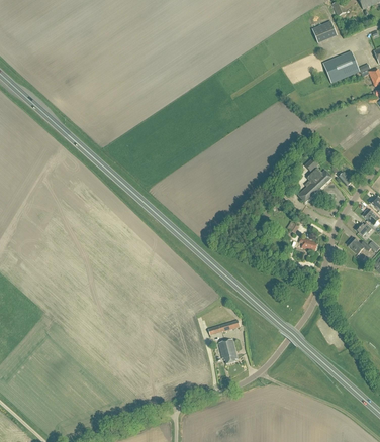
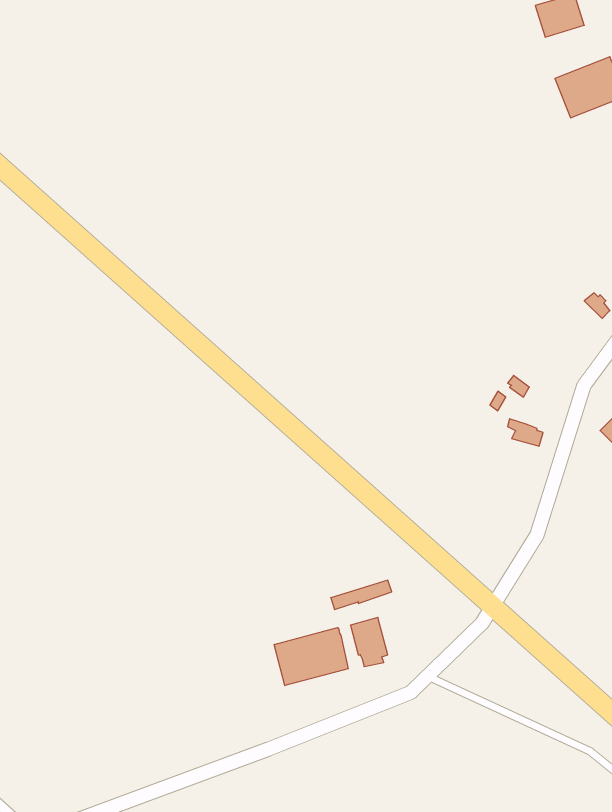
building: [298,157,332,203] -> none
building: none -> [274,628,348,686]

